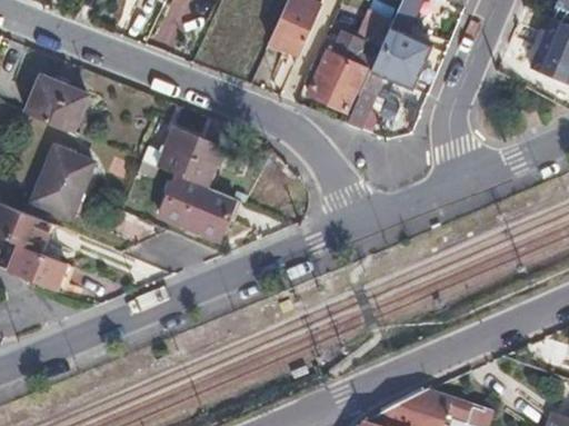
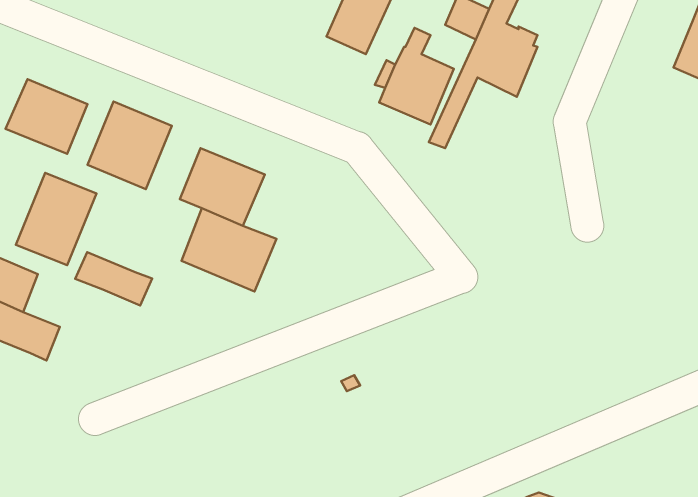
building: none -> [88,102,172,189]
building: none -> [75,252,152,305]

